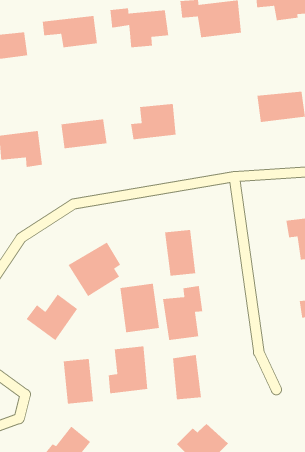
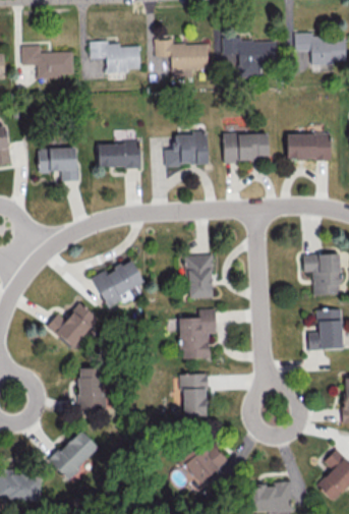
building: none -> [222,132,269,161]
building: [119,283,160,333] -> none
building: [108,345,148,394] -> none

